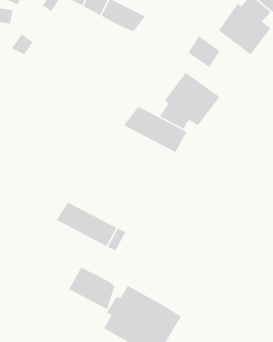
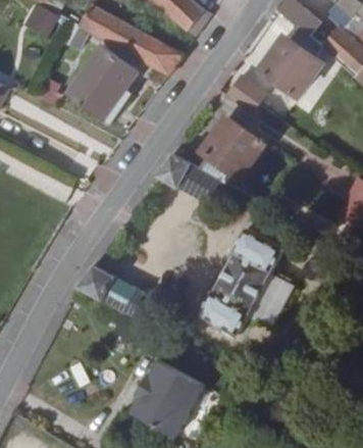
building: none -> [61,41,132,112]
building: none -> [198,221,297,332]
building: [68,266,116,310] -> none

